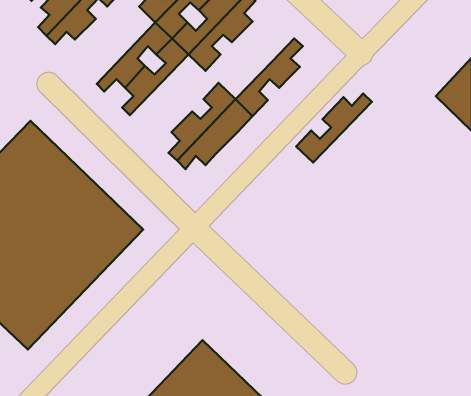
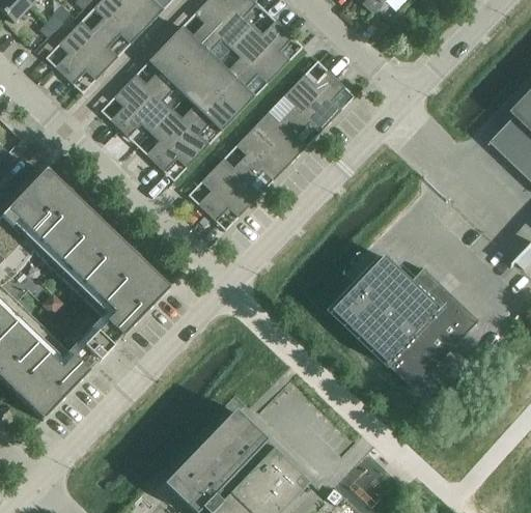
building: none -> [109,42,183,127]
building: none -> [155,95,239,171]
building: [296,93,372,163] -> [252,68,335,144]
building: none -> [330,254,478,388]

